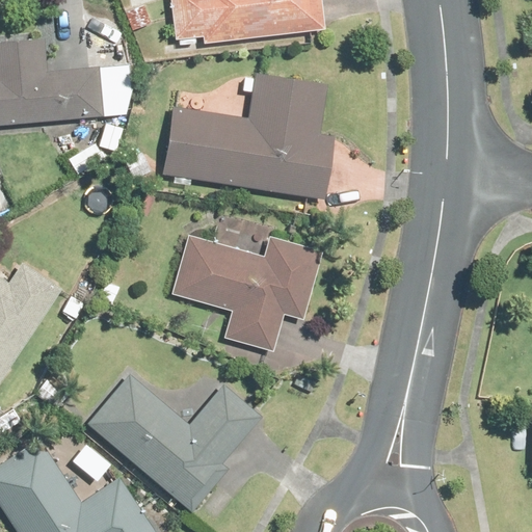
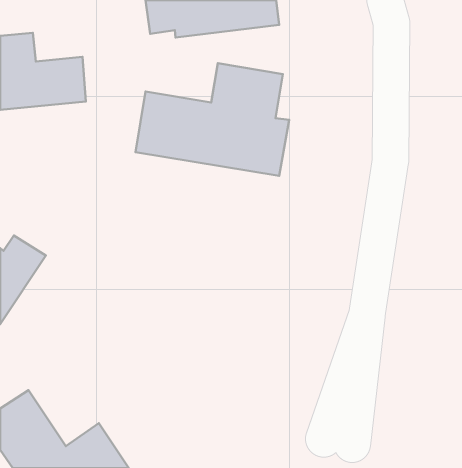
building: [174,236,321,352] -> none
building: [85,371,262,512] -> none

